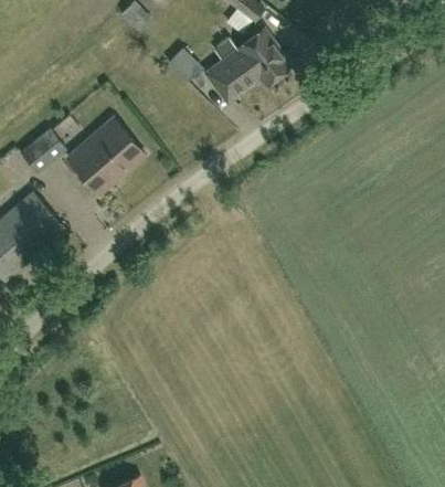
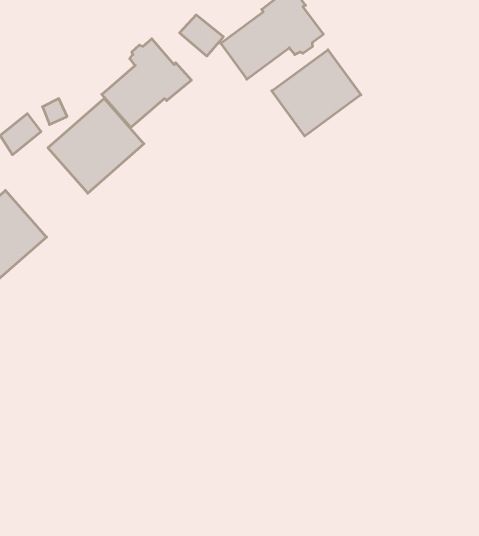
building: none -> [102,39,191,128]
building: none -> [272,50,361,136]

